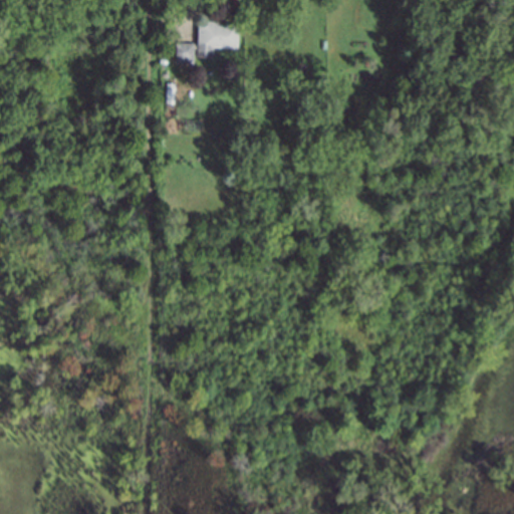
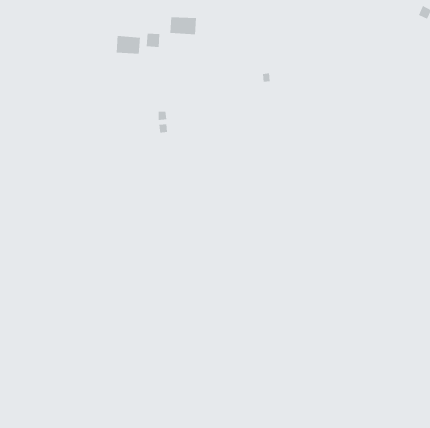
building: none -> [116,35,140,54]

